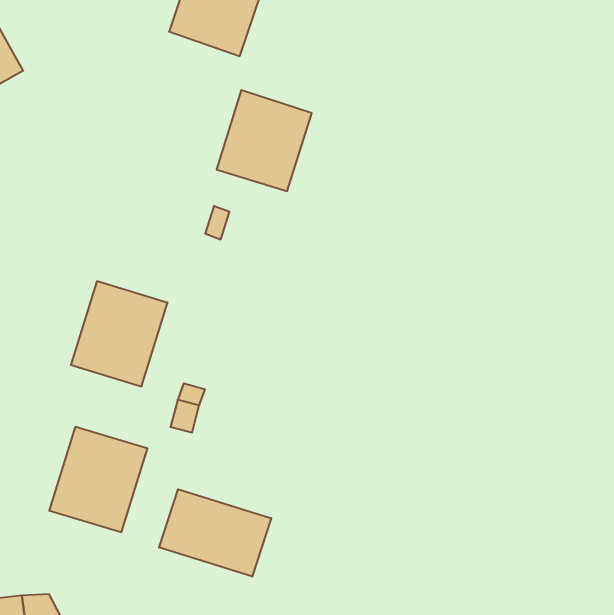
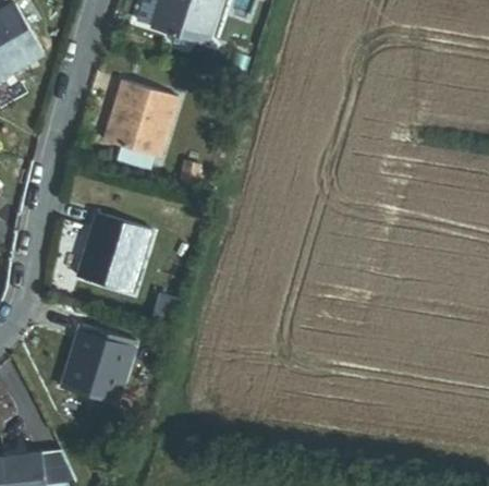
building: [217,90,312,191] -> [105,81,176,157]
building: [159,489,271,577] -> none

